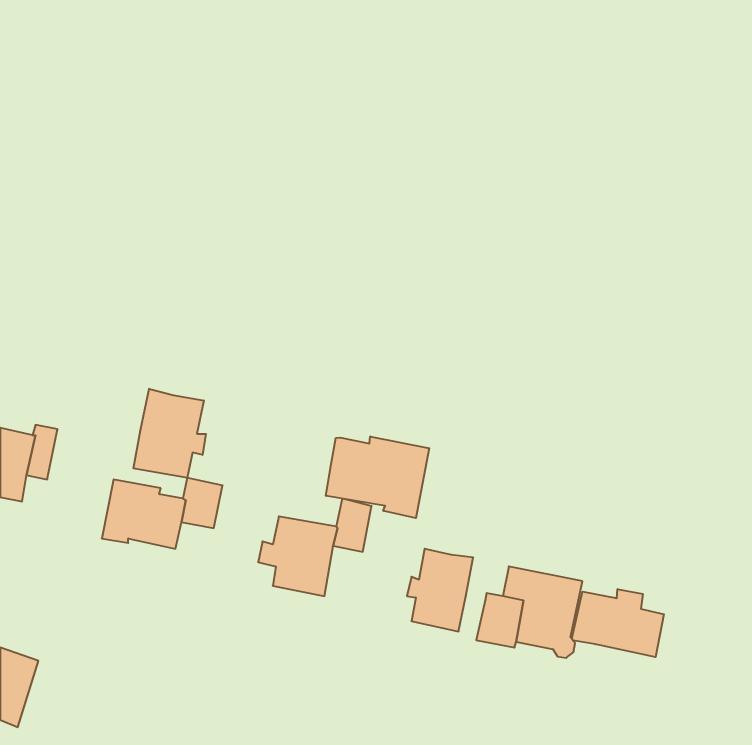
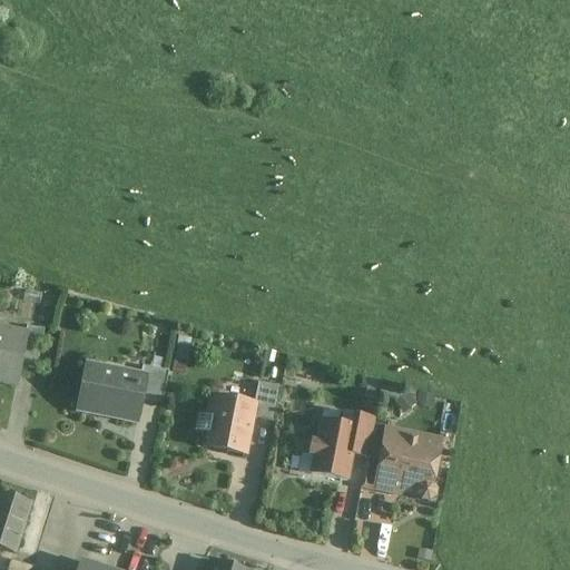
building: [133,389,206,478] -> none
building: [326,436,429,518] -> none
building: none -> [342,407,375,453]
building: [572,589,664,657] -> none

